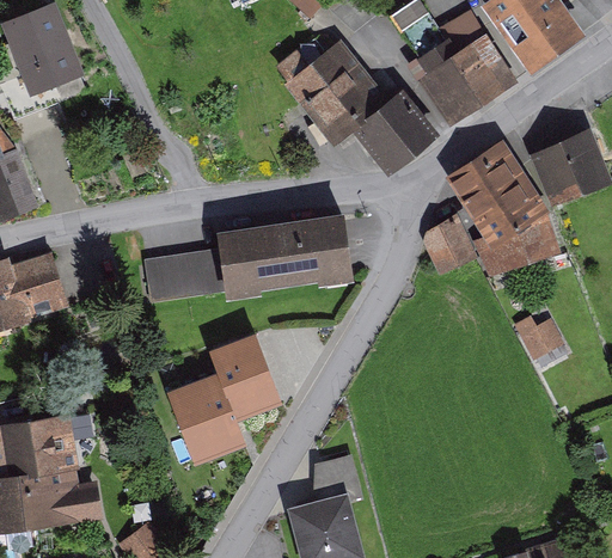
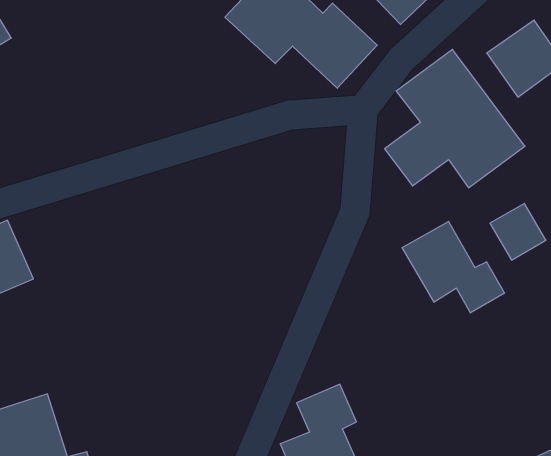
building: [142,213,345,302] -> none
building: none -> [402,221,504,313]
building: [169,329,281,461] -> none

